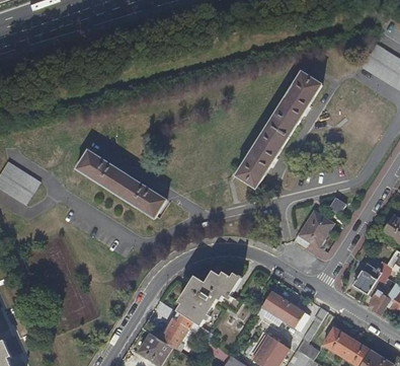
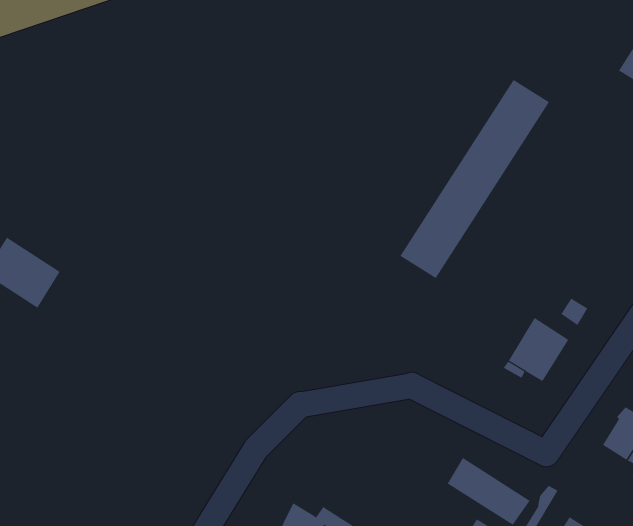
building: [75,151,165,219] -> none
building: [175,273,242,326] -> none

